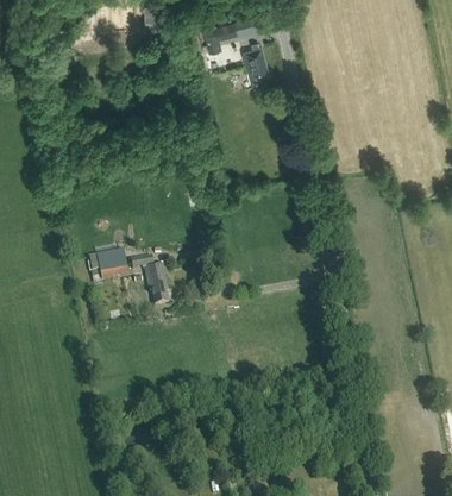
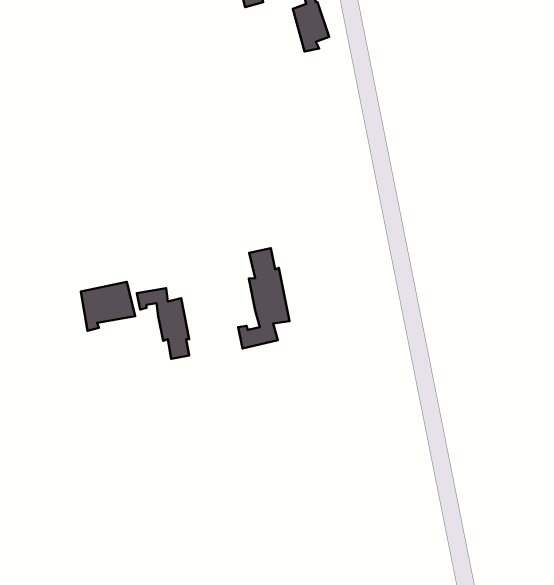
building: none -> [238,248,290,348]

